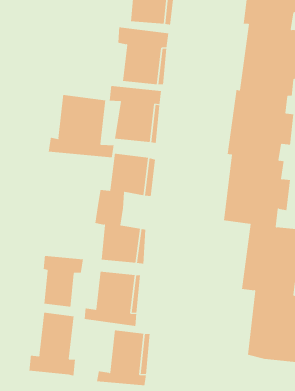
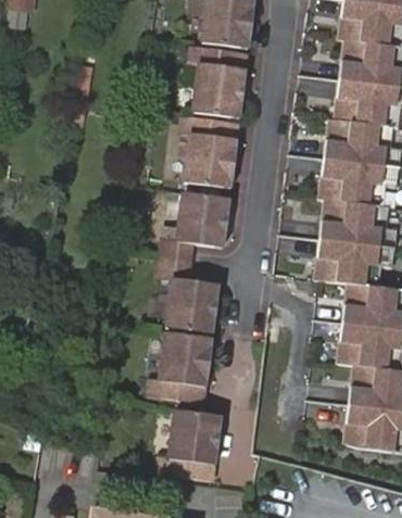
building: [48,94,114,158] -> none
building: [43,255,83,308] -> none
building: [29,312,76,377] -> none

